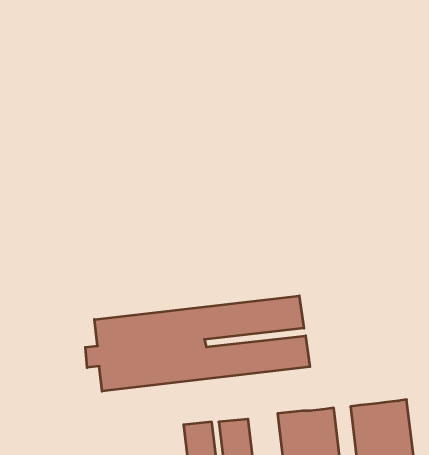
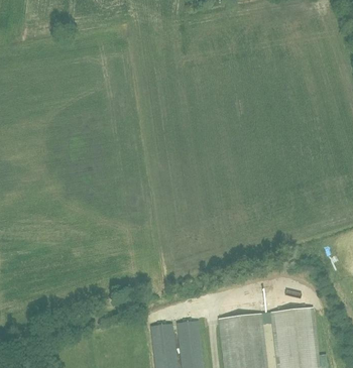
building: [85,296,310,391] -> none

